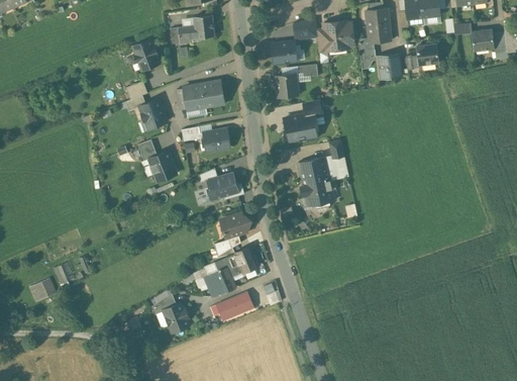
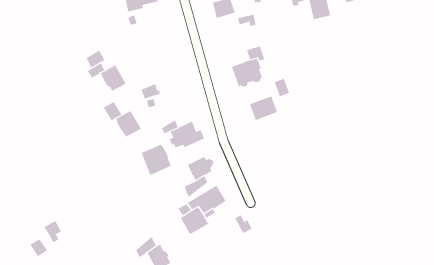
building: [131,39,159,70] -> none
building: [275,74,297,98] -> none
building: [176,80,223,117] -> none
building: [201,128,230,153] -> none
building: [301,176,333,206] -> none
building: none -> [141,143,171,176]
building: [216,292,252,319] -> none

